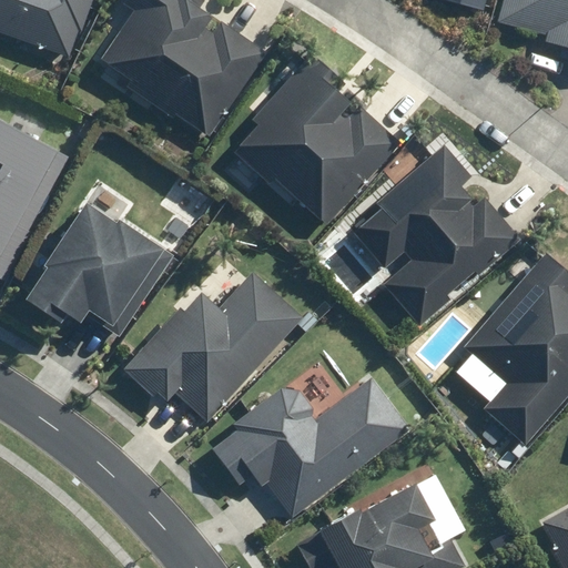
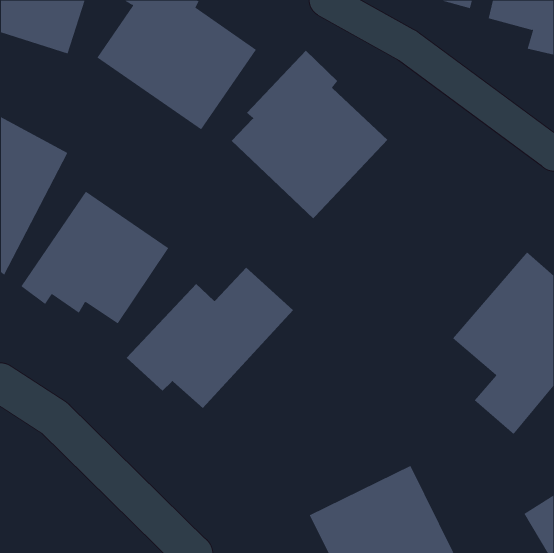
building: [354,145,519,325] -> none
building: [212,374,412,518] -> none

